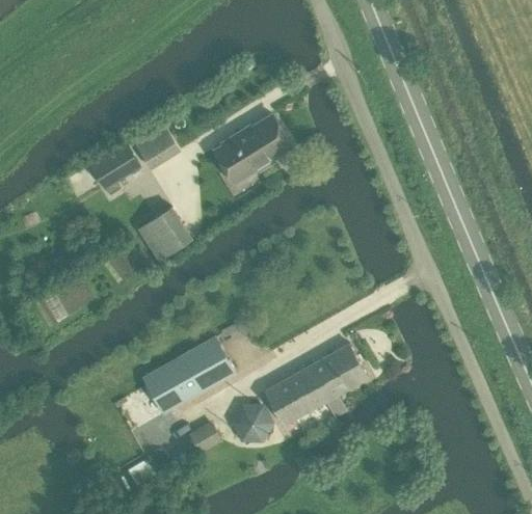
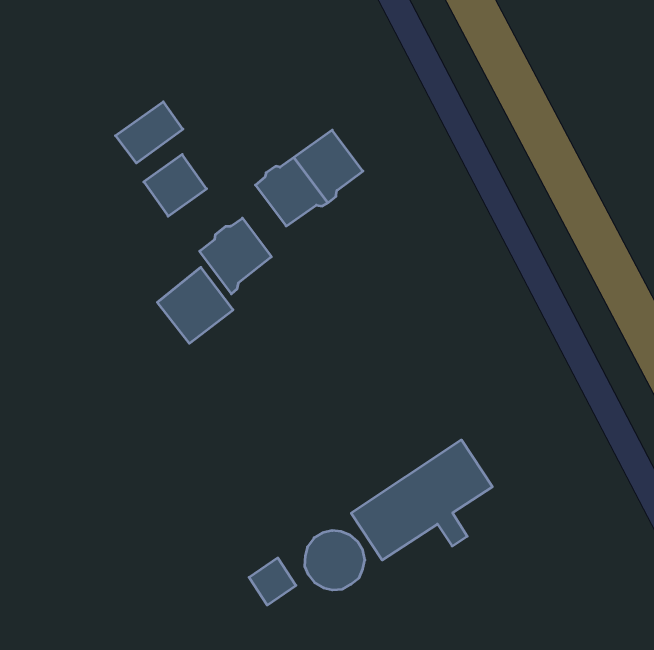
building: [90,144,139,187] -> [115,102,183,163]
building: none -> [200,218,271,294]
building: [142,337,235,413] -> none

